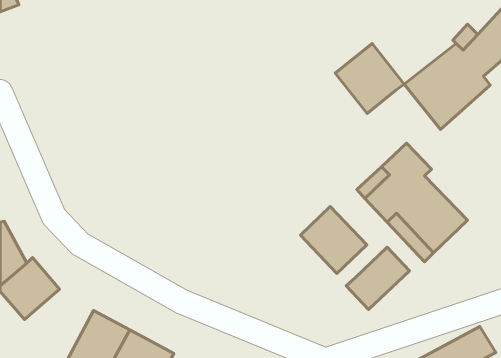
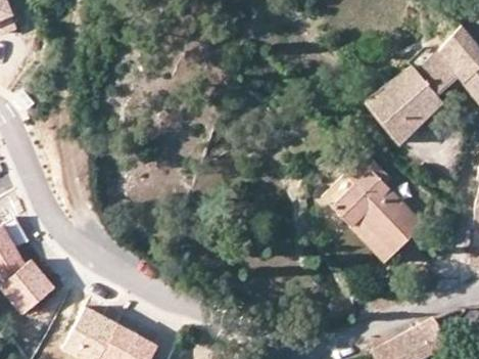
building: [335,44,404,114] -> none
building: [300,207,367,274] -> none
building: [346,247,410,309] -> none

